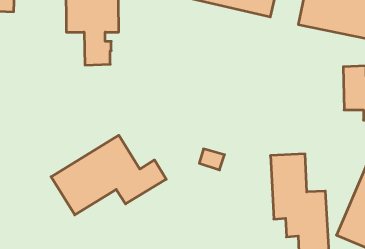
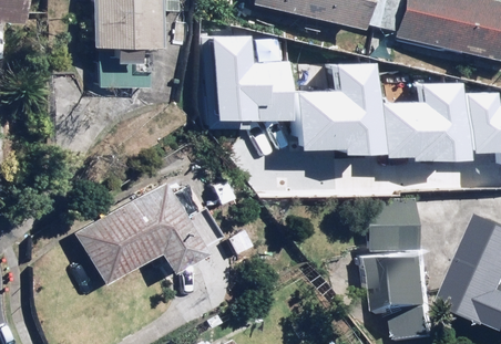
building: none -> [204,35,282,132]
building: none -> [289,65,365,152]
building: none -> [376,81,452,157]

